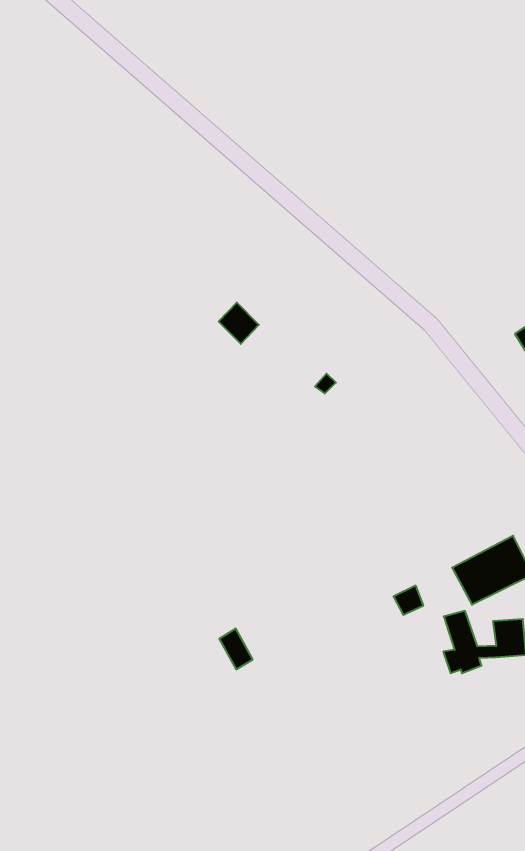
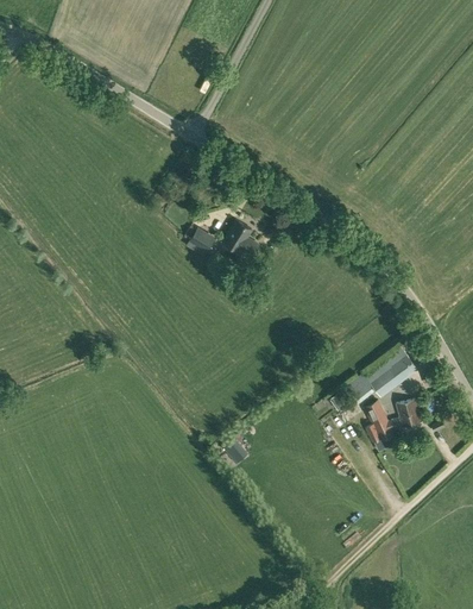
building: none -> [225,221,260,258]

